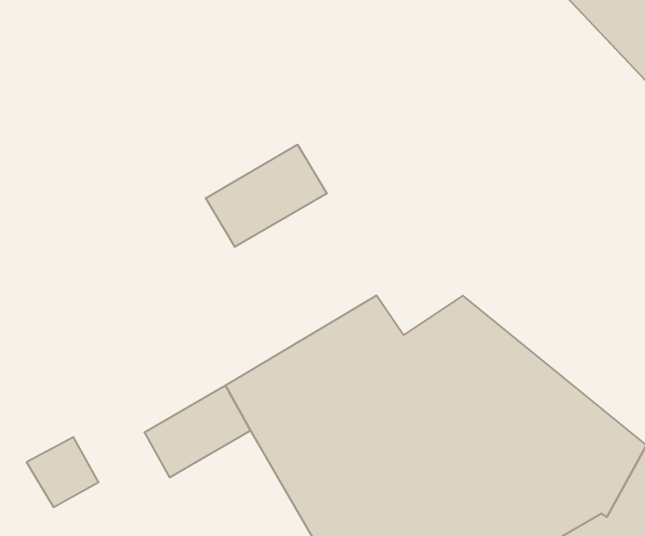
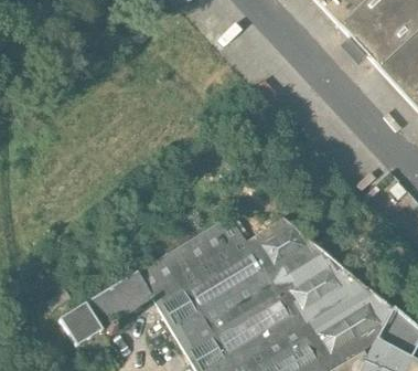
building: [206,145,327,247] -> none
building: [27,437,99,507] -> [61,303,105,346]

